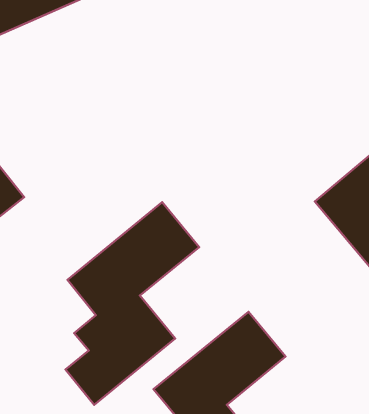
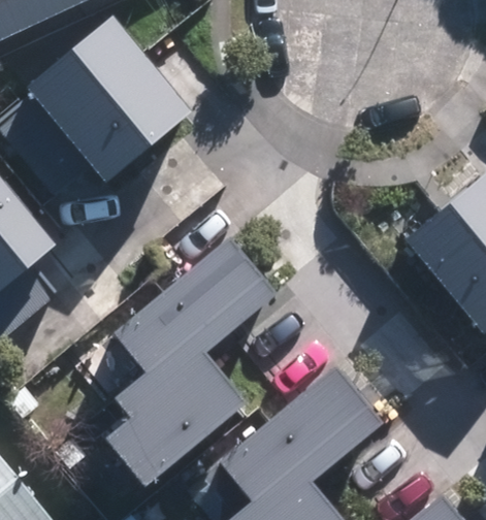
building: none -> [33,20,204,191]

